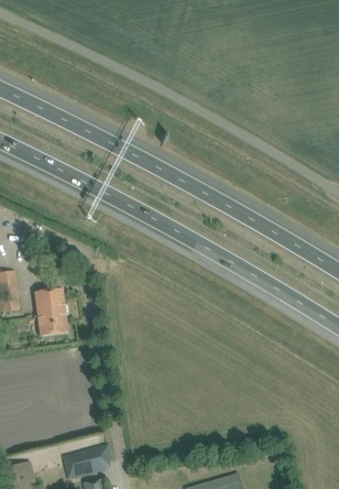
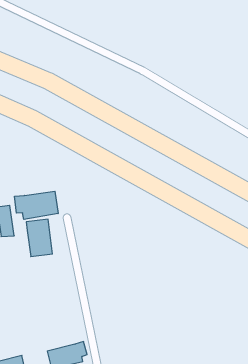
building: none -> [15,191,58,219]

